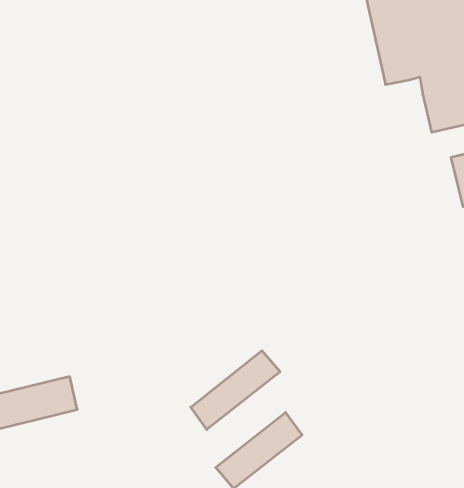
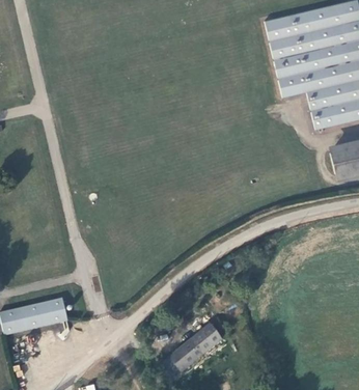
building: [191,351,280,430] -> none

